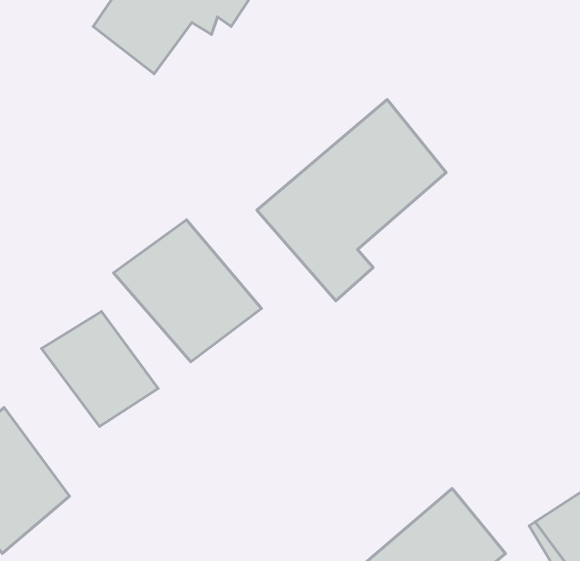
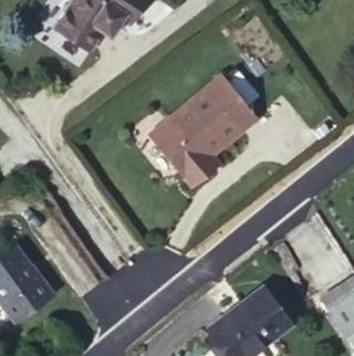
building: [114,220,262,362] -> none
building: [41,311,158,426] -> none

